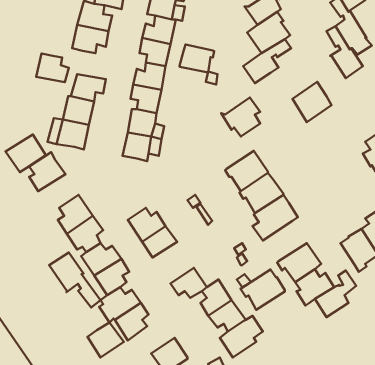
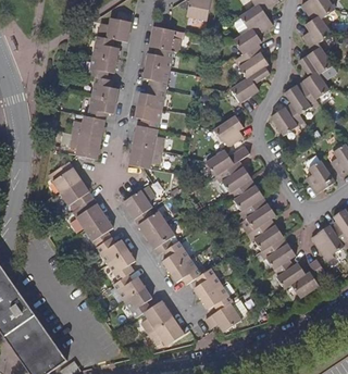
building: [179,44,214,73] -> none
building: [36,54,69,82] -> [91,76,119,100]
building: none -> [286,80,320,114]
building: none -> [208,145,251,175]
building: [6,135,46,172] -> [59,179,92,211]
building: none -> [306,160,336,194]
building: none -> [123,185,154,217]
building: none -> [162,240,189,271]
building: [49,252,101,308] -> none
building: [241,269,285,310] -> [247,219,284,252]
building: [88,322,124,357] -> [142,300,173,329]

